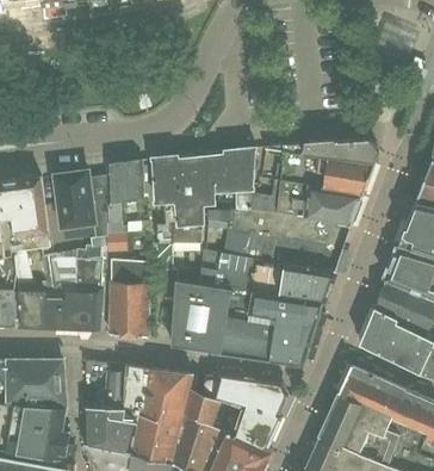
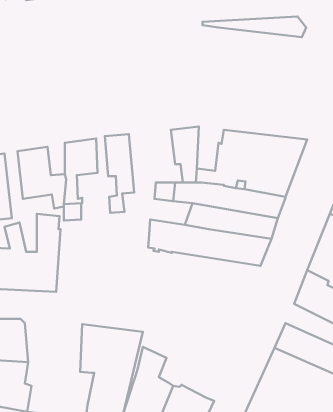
building: [265,140,379,162] -> [202,17,306,37]
building: [170,151,229,243] -> none
building: [110,260,149,337] -> none
building: [172,277,323,366] -> none
building: [85,361,137,455] -> none
building: [202,373,286,447] -> none

